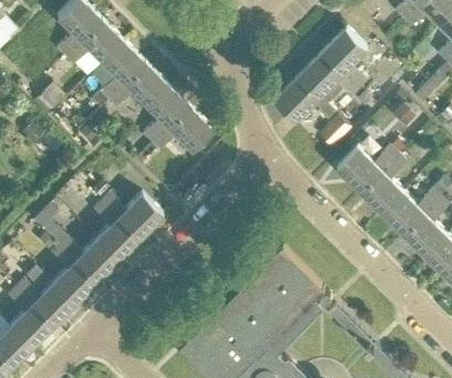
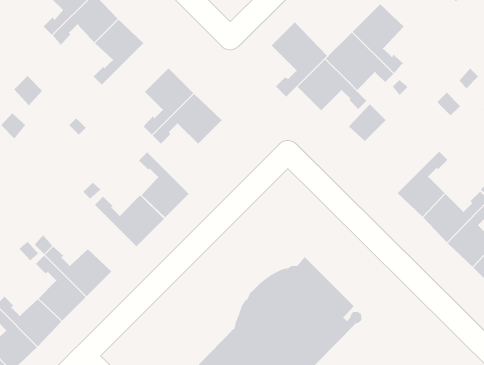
building: none -> [271,22,328,98]
building: [106,63,164,107] -> none
building: [336,147,397,192] -> none
building: [92,202,136,260] -> [138,151,190,218]

